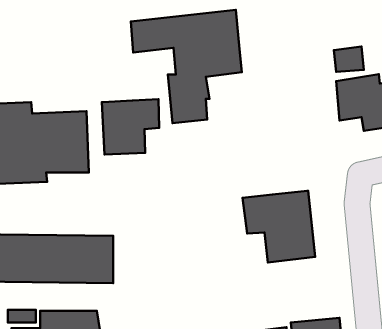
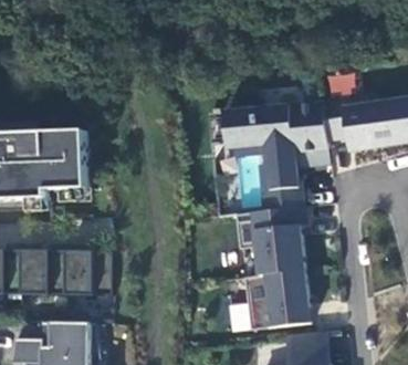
building: [131,10,242,123] -> [224,102,331,210]
building: [102,99,159,154] -> none
building: none -> [244,270,311,328]

